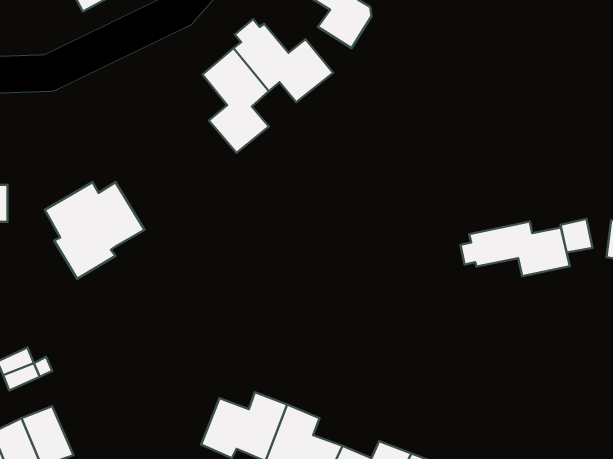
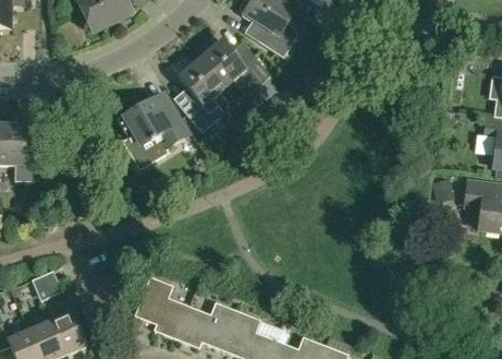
building: [45,182,145,279] -> [117,99,187,168]
building: [460,221,570,276] -> none
building: none -> [134,276,189,338]

